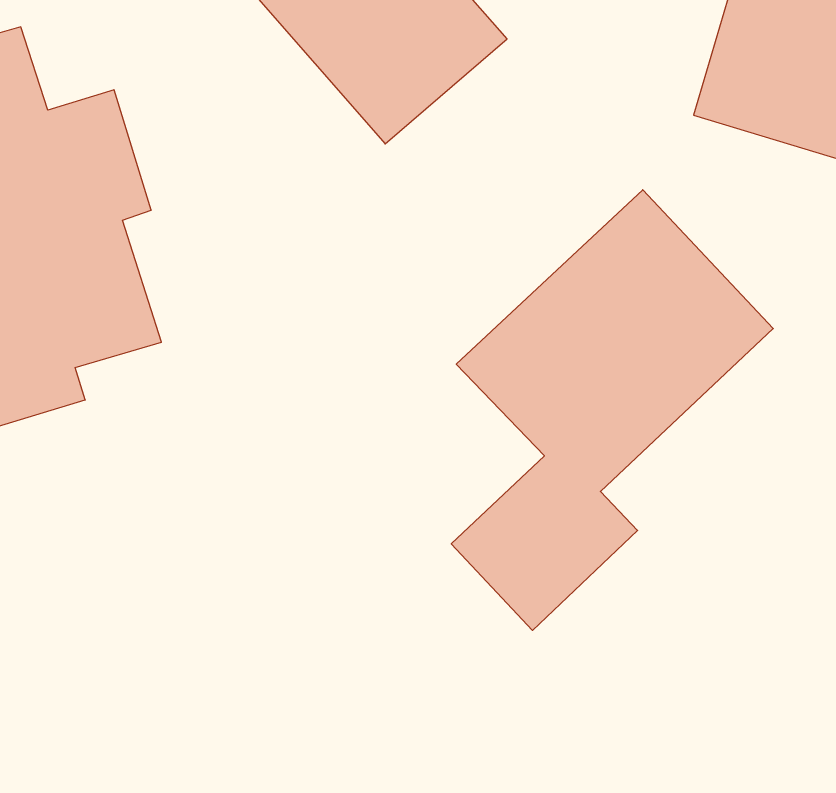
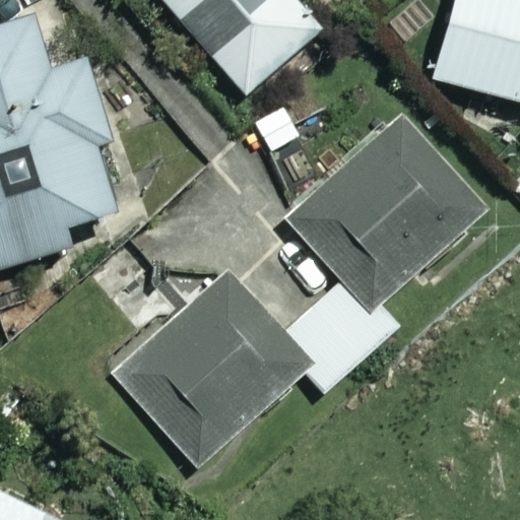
building: none -> [117,275,308,463]

